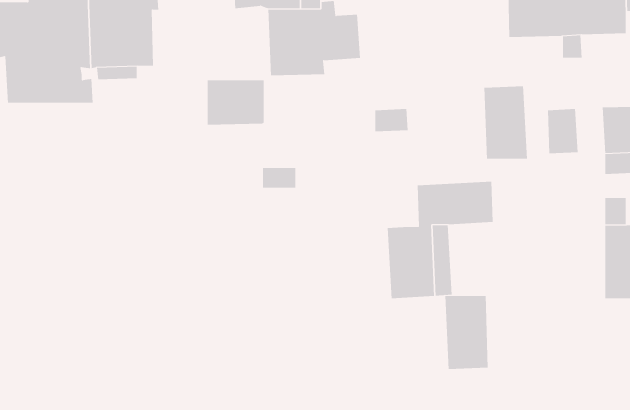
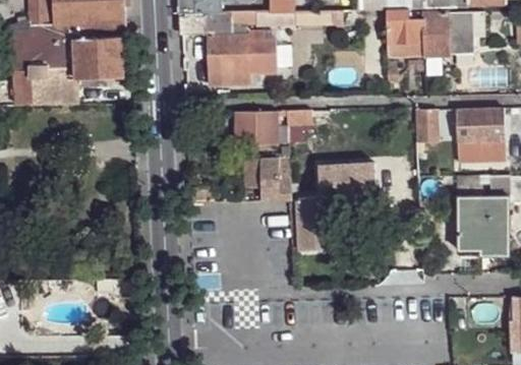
building: [207,80,264,125] -> [234,111,277,144]
building: [484,85,527,160] -> none
building: none -> [257,158,290,199]
building: [445,295,488,370] -> none

